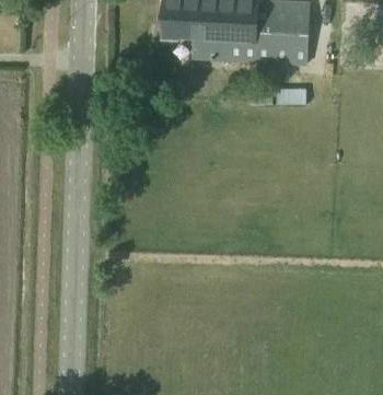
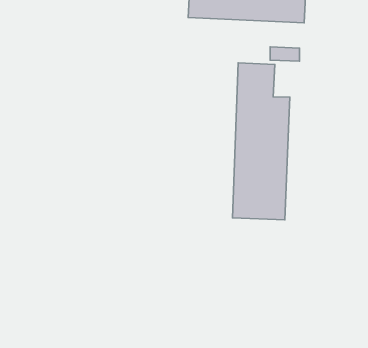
building: none -> [233,63,290,220]

